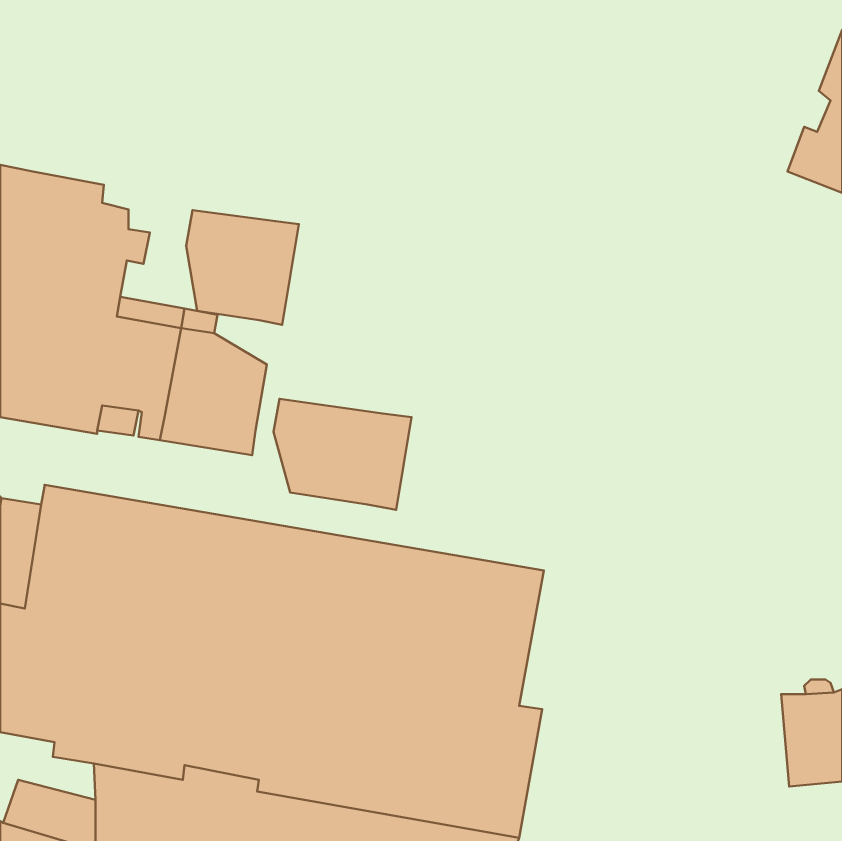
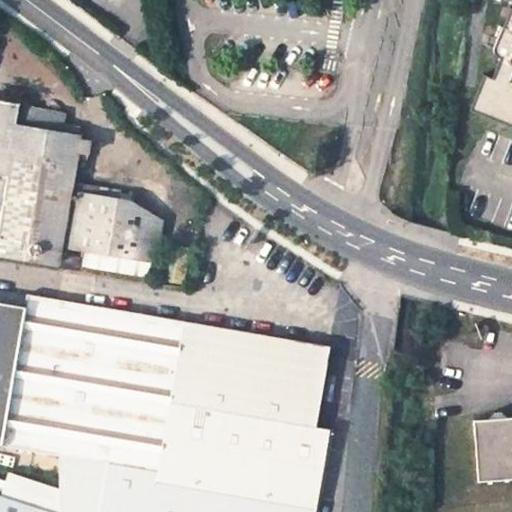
building: [186,210,299,325] -> none
building: [273,399,412,510] -> none

